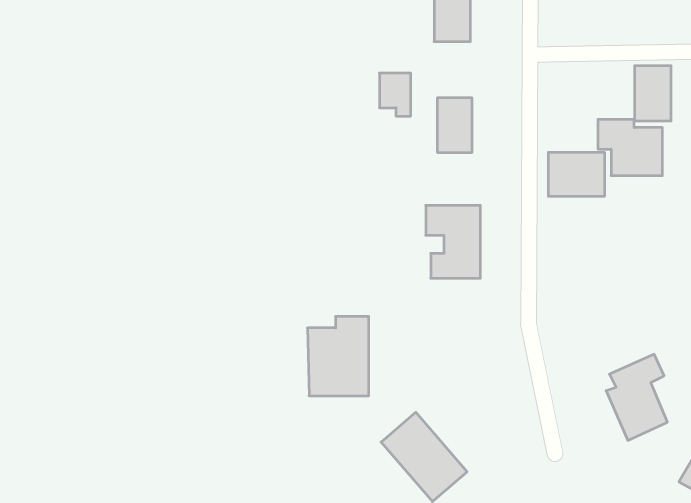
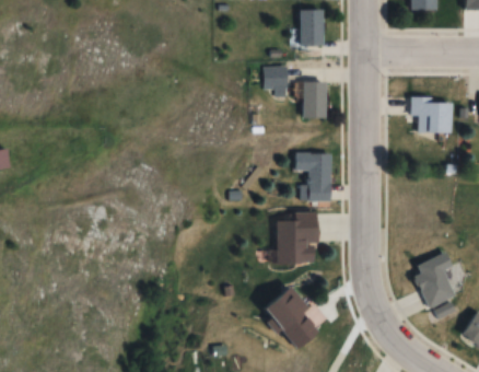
building: [635,66,671,121] -> none
building: [548,152,604,196] -> none
building: [307,316,369,396] -> [277,212,317,265]

